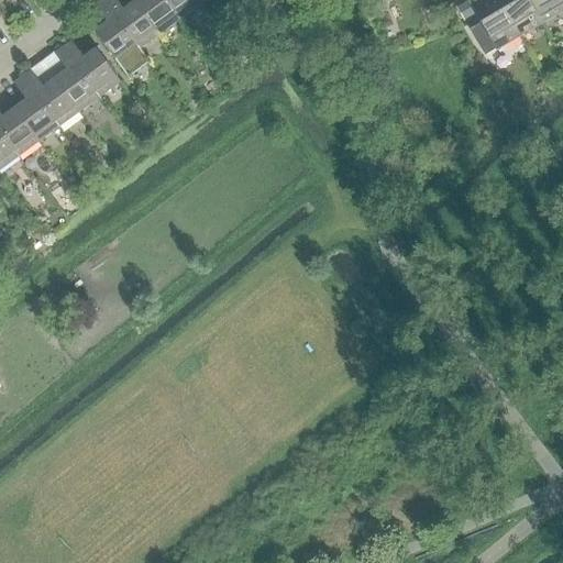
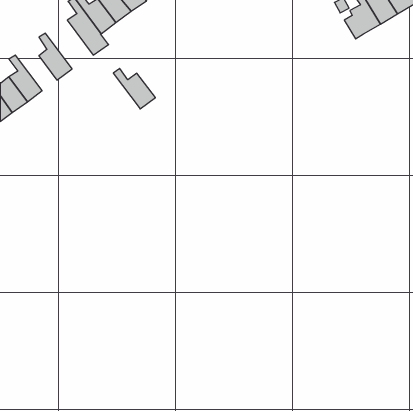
building: [63,38,120,93] -> [113,68,155,109]
building: [22,68,78,123] -> none

